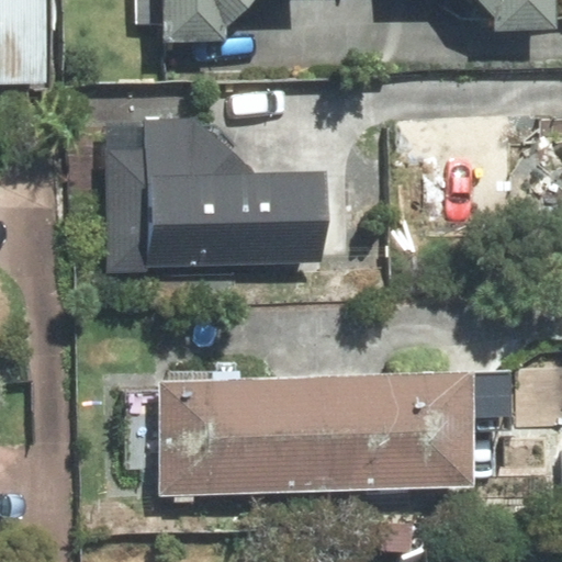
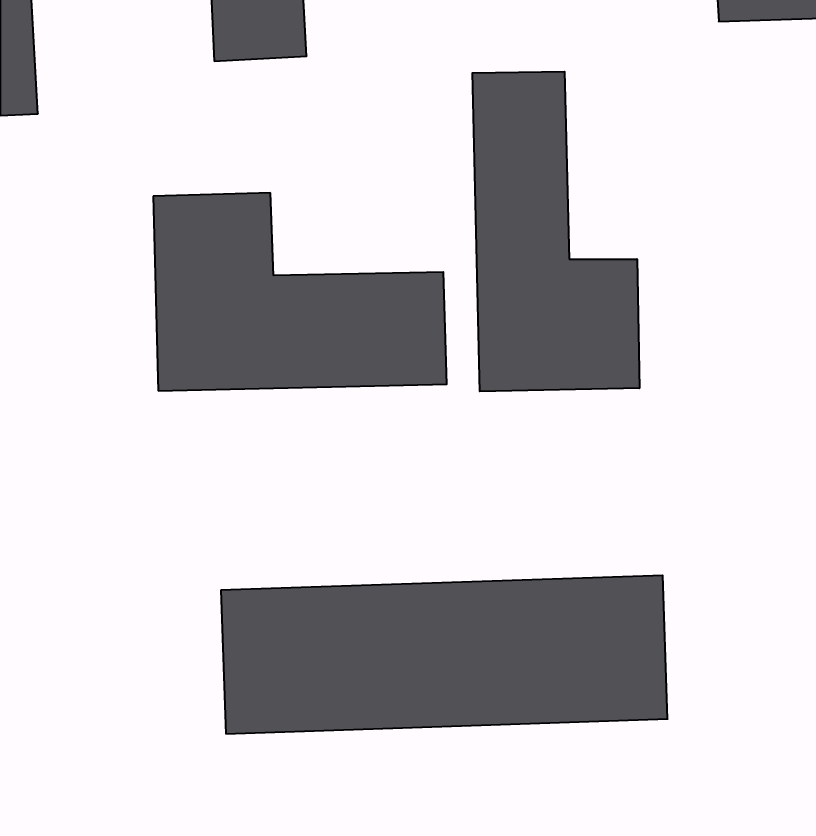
building: none -> [472,72,639,391]

